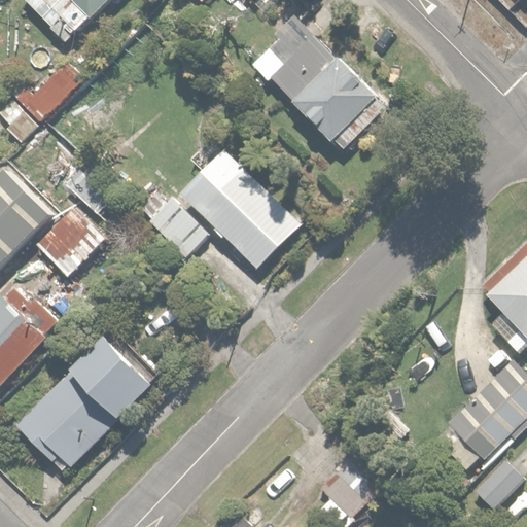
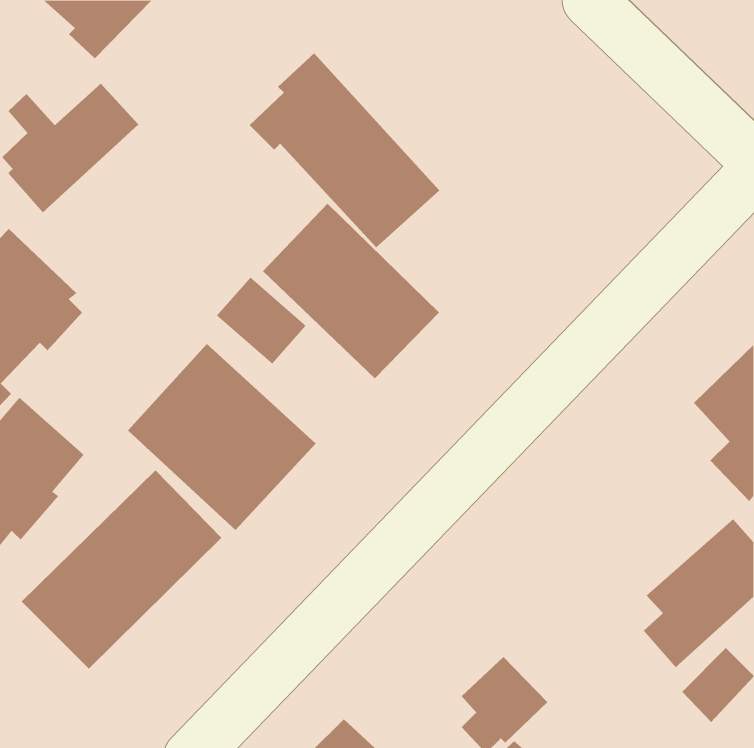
building: [249,15,382,151] -> [249,53,440,248]
building: [40,213,108,281] -> none
building: none -> [127,343,317,531]

